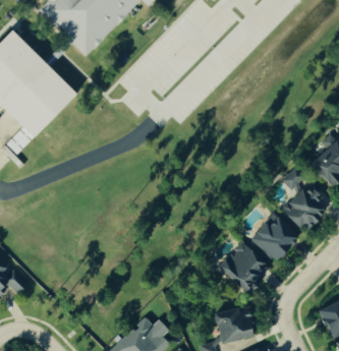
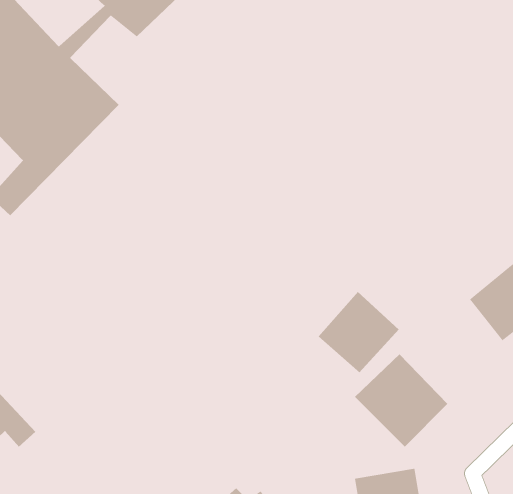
building: [251,214,299,261] -> [318,291,400,373]

